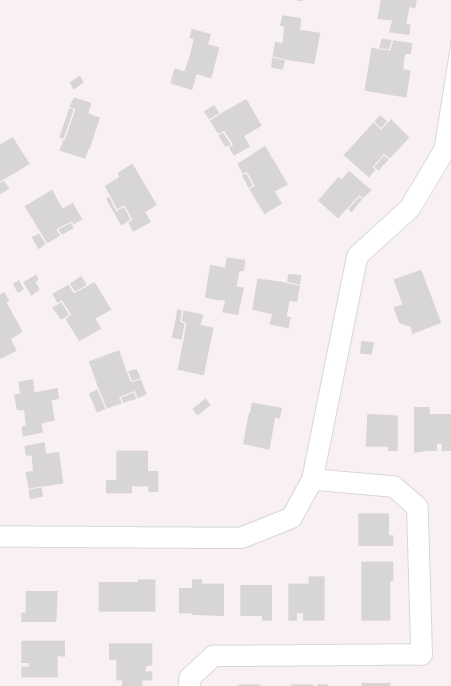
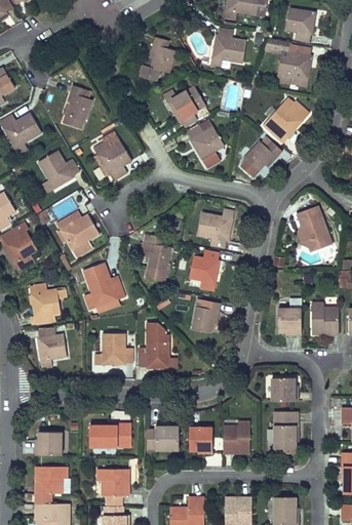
building: [204,257,246,315] -> [189,250,219,291]
building: none -> [138,322,169,368]

